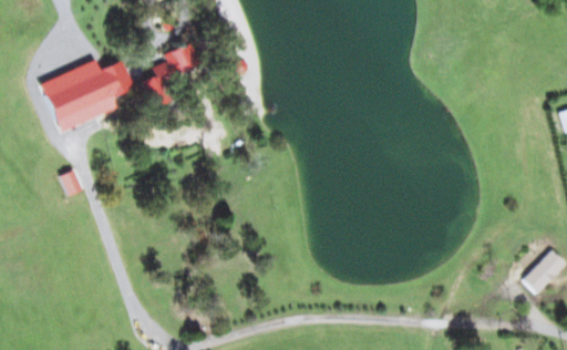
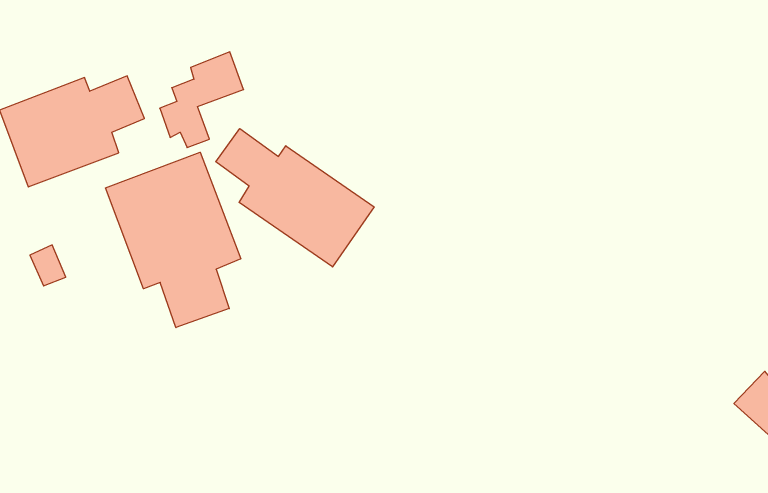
building: none -> [216,129,374,267]
building: none -> [106,152,241,328]

